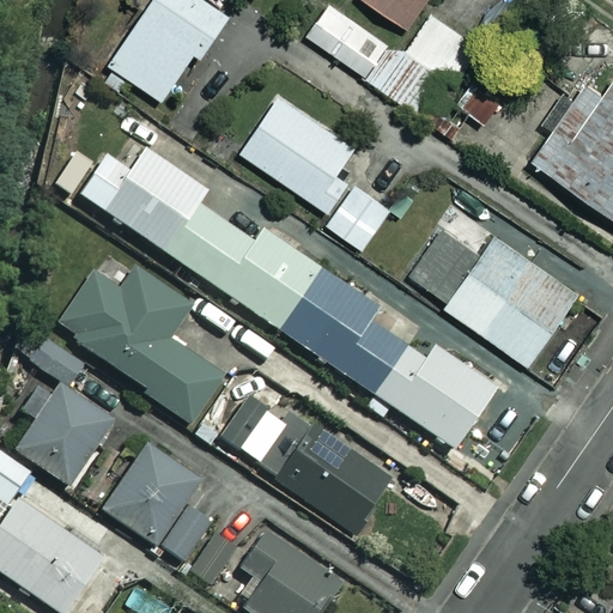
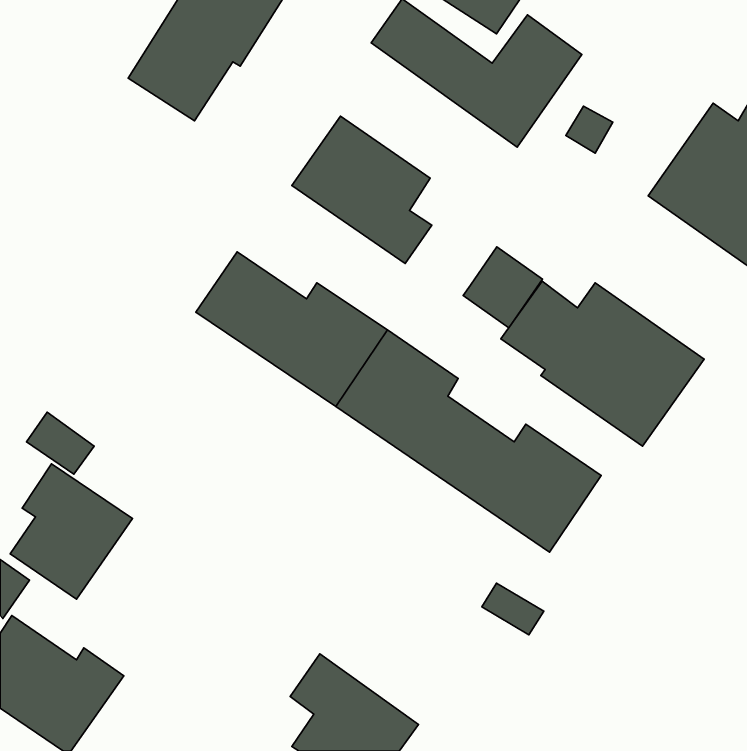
building: [79,148,207,254] -> none
building: [328,183,393,249] -> [463,247,543,328]
building: [55,259,225,425] -> none
building: [218,399,390,532] -> none
building: [102,441,235,582] -> none

